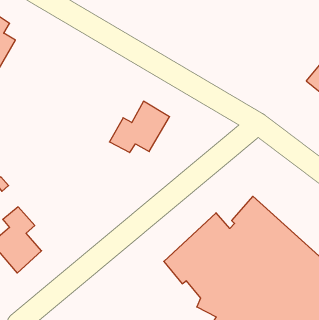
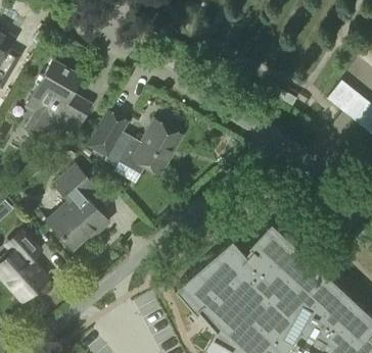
building: none -> [26,61,82,139]
building: none -> [87,110,129,159]
building: none -> [48,166,108,249]

